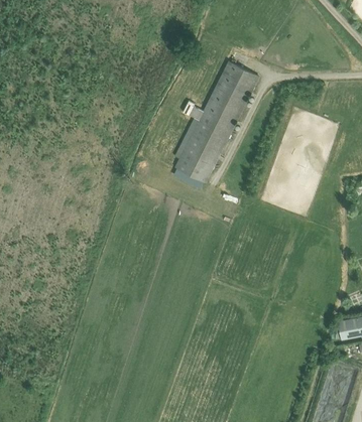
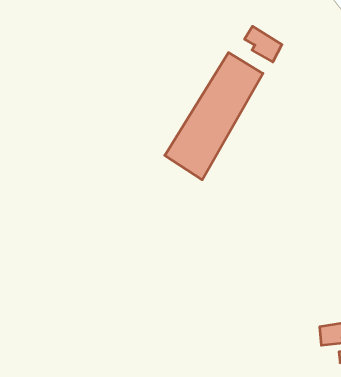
building: none -> [245,26,282,62]

